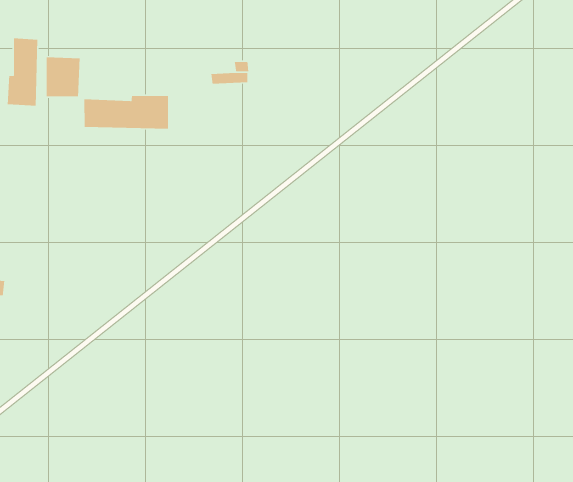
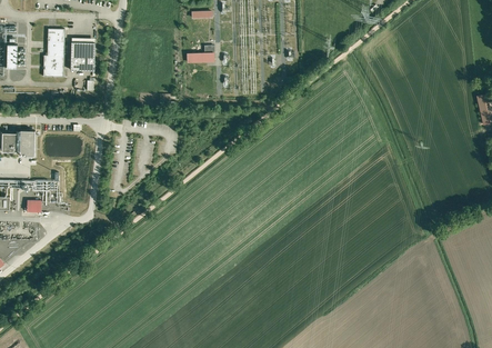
building: [83,95,169,130] -> none

